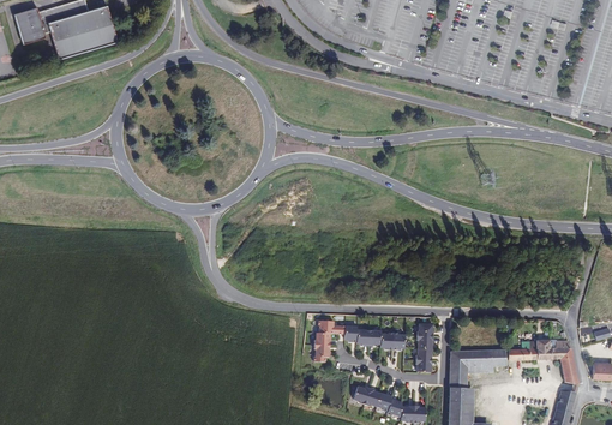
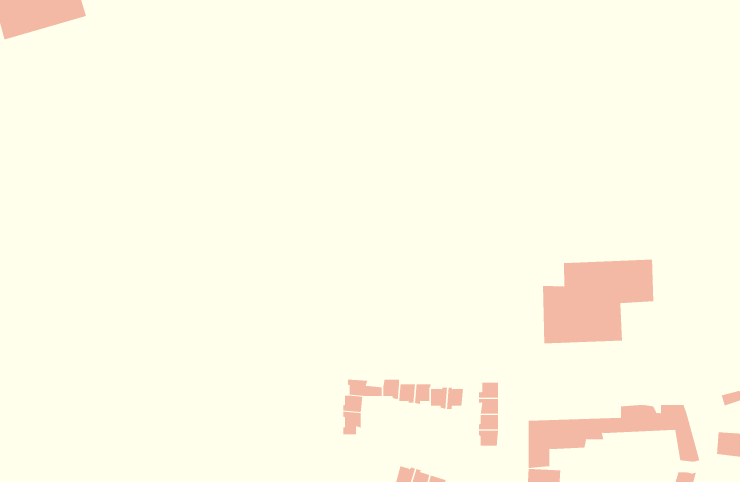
building: none -> [542,259,654,344]

